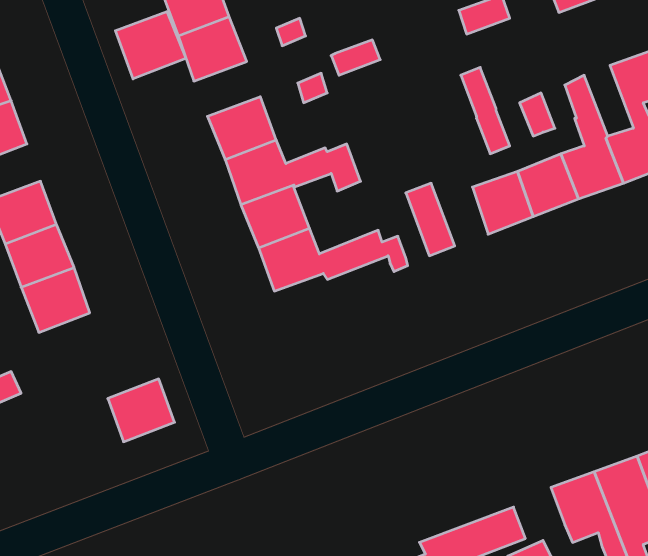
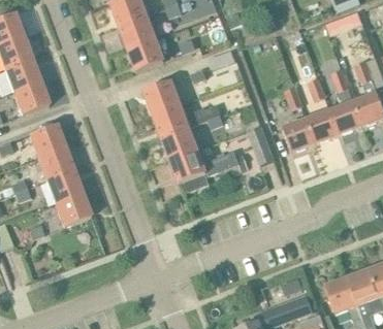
building: [115,12,186,79] -> none
building: [108,379,175,442] -> [54,193,89,226]

